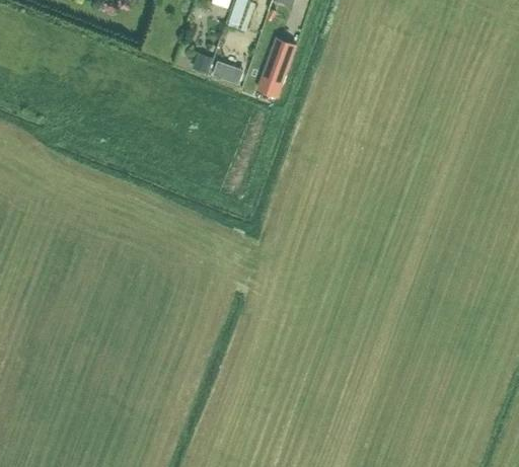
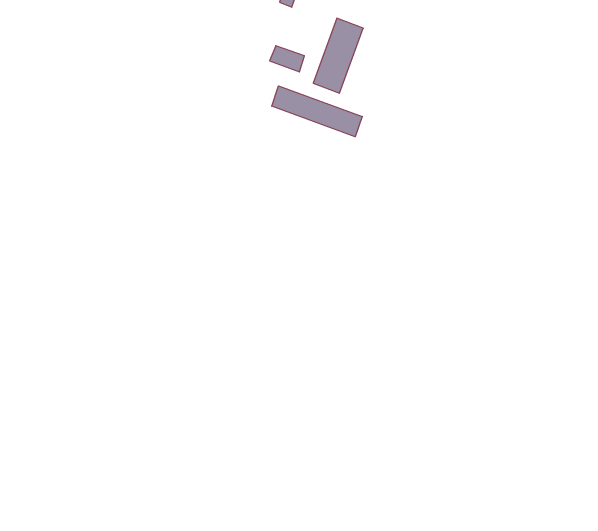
building: none -> [272,86,362,137]

